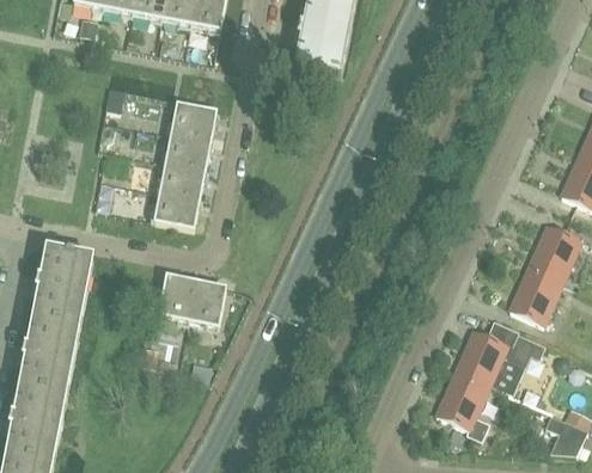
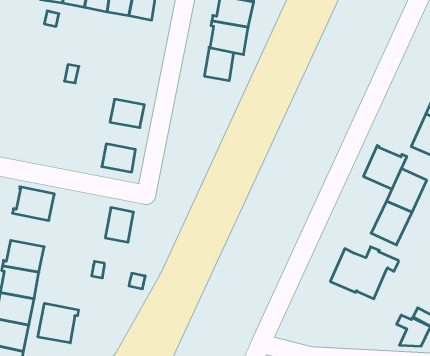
building: none -> [205,47,234,81]
building: [171,103,215,140] -> none
building: [160,162,205,198] -> none
building: none -> [364,145,407,189]
building: [189,281,226,325] -> none
building: [35,282,85,326] -> none
building: [435,371,489,440] -> none
building: none -> [38,303,79,343]

